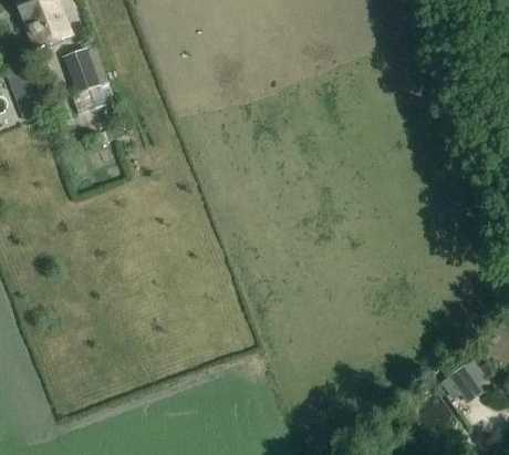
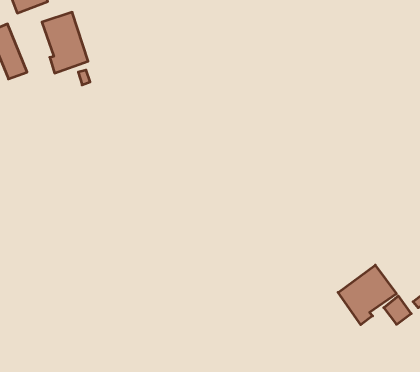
building: none -> [338,265,396,325]

